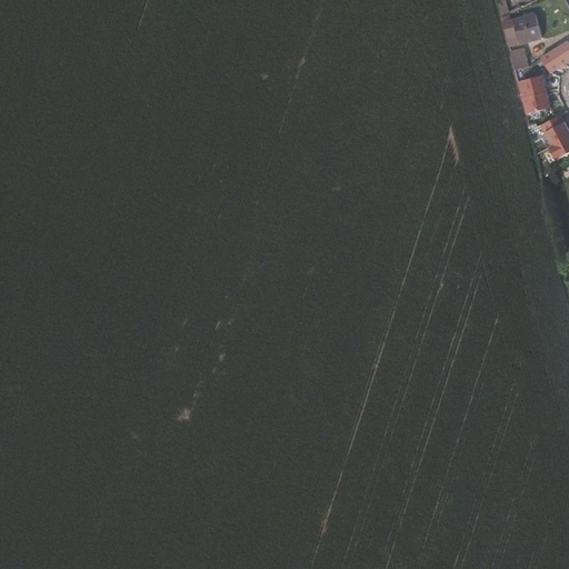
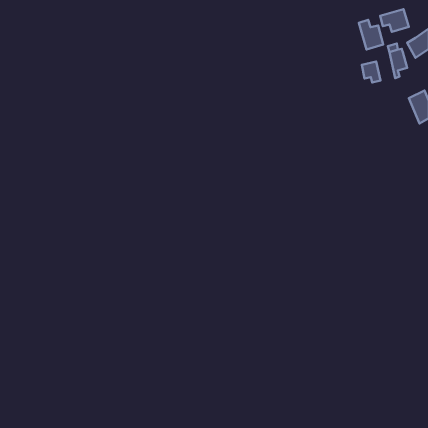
building: none -> [359,20,383,49]
building: none -> [362,61,380,83]

